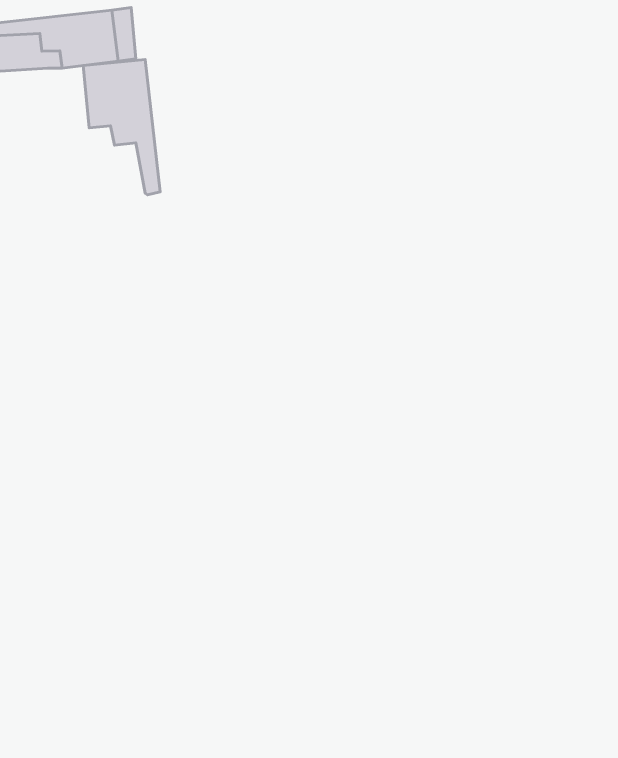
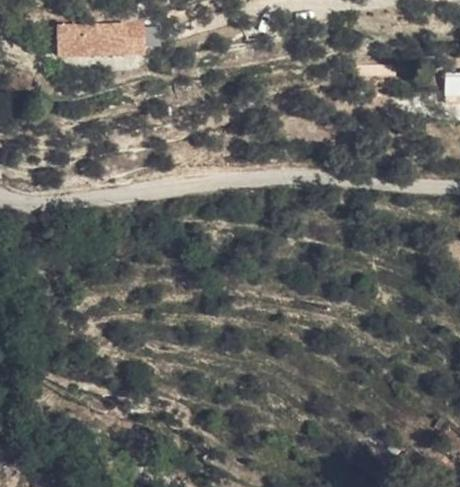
building: [83,59,160,195] -> none

